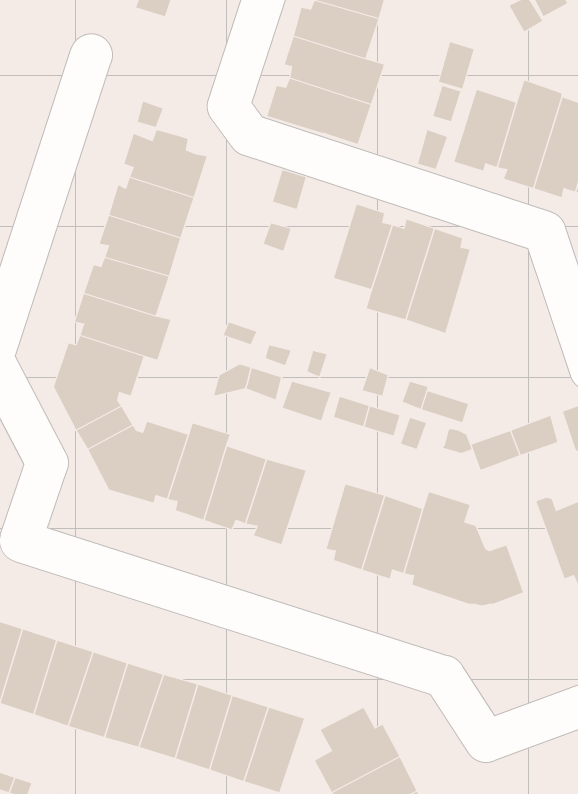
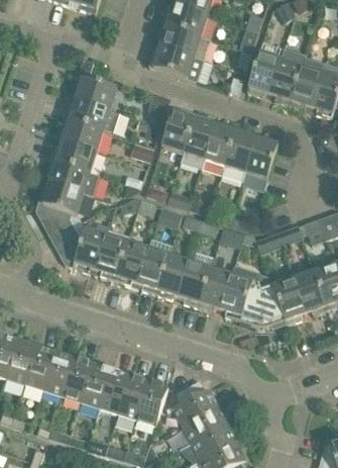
building: none -> [161,107,196,152]
building: none -> [246,134,279,178]
building: none -> [156,254,190,298]
building: none -> [272,278,306,323]

